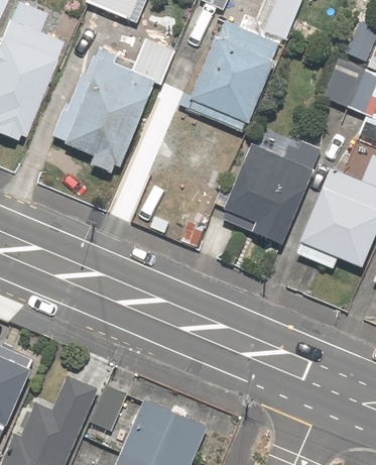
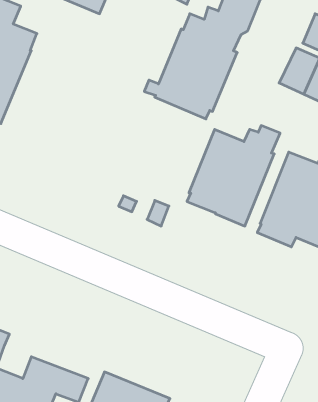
building: [53,36,175,172] -> none

